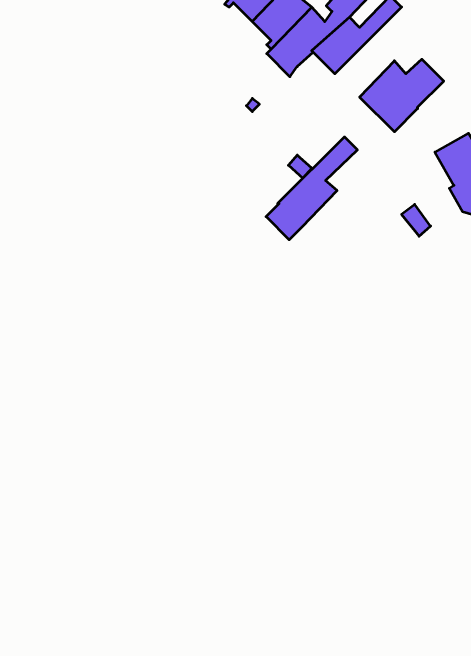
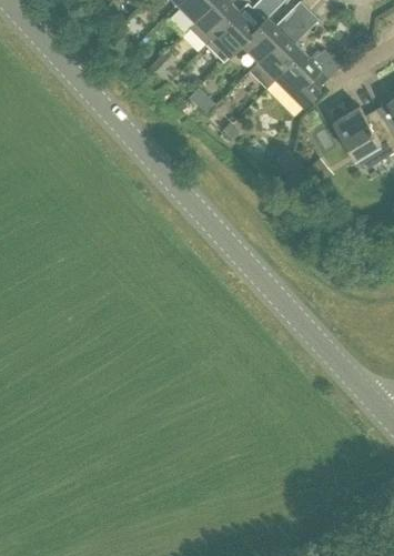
building: [266,137,357,240] -> [249,9,319,88]

